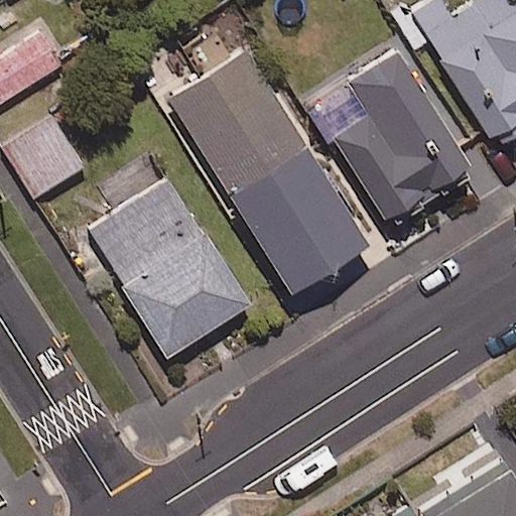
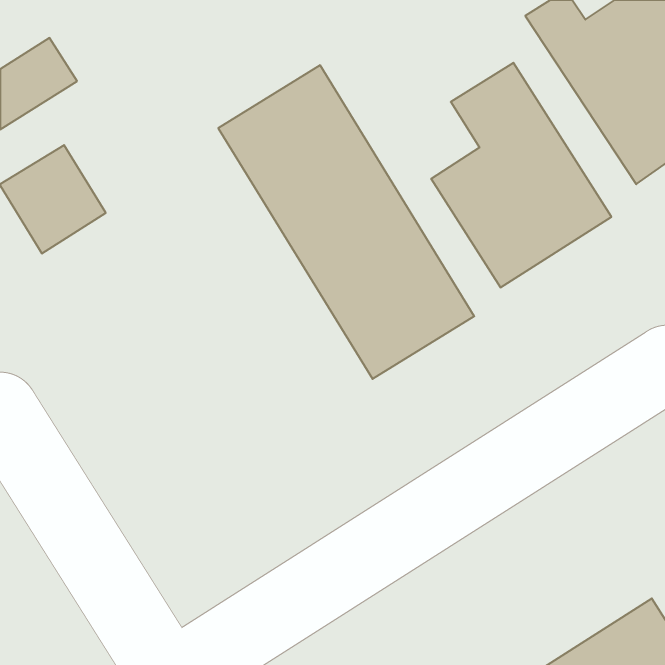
building: [86,155,251,357] -> none

